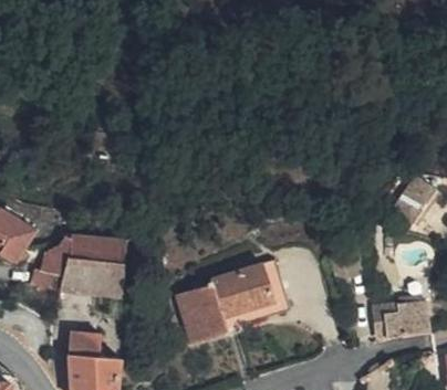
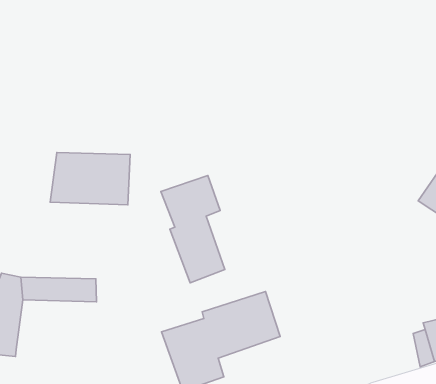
building: none -> [161,175,225,283]
building: [56,255,125,303] -> [50,152,130,205]

